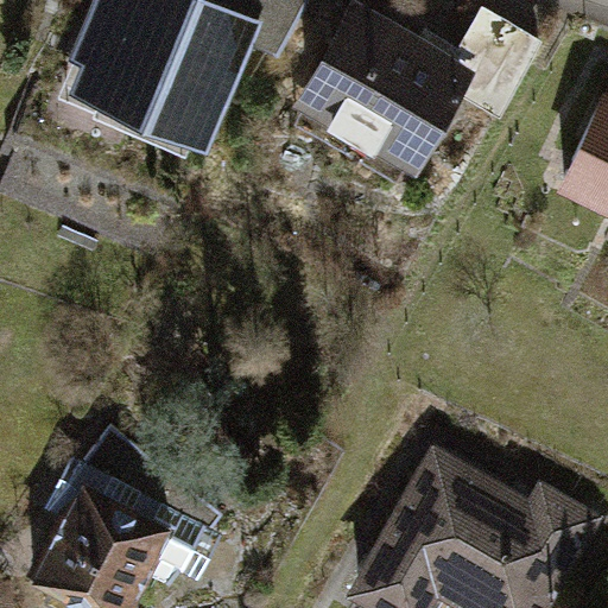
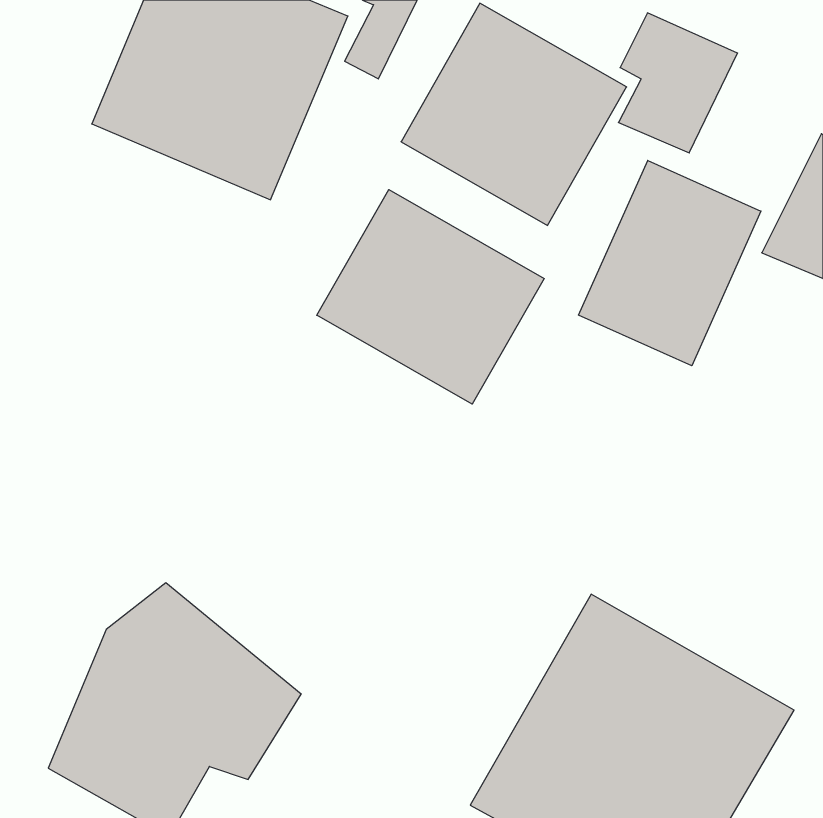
building: none -> [579,160,761,366]
building: none -> [317,190,544,404]

